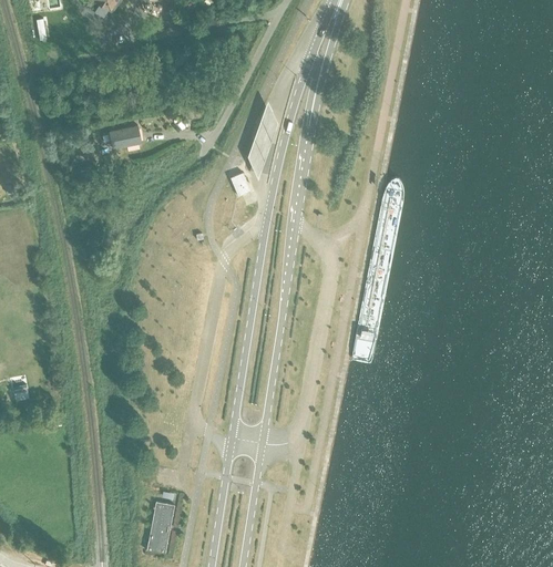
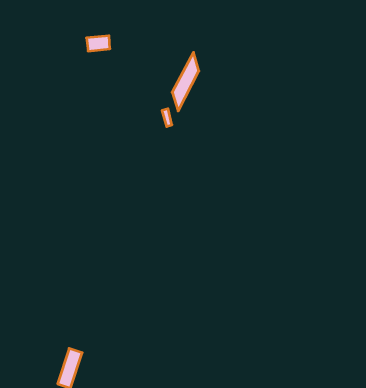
building: [109,125,141,148] -> [86,36,110,51]

